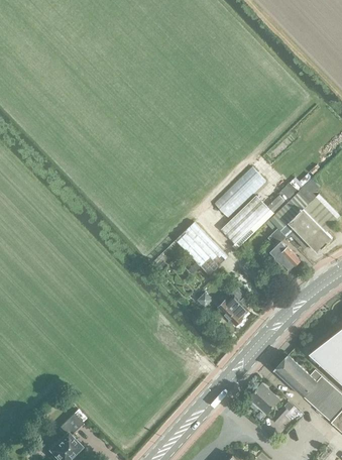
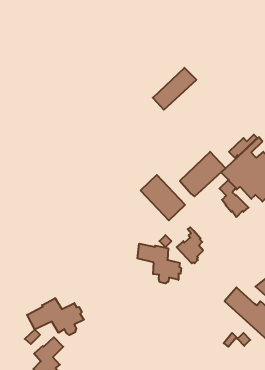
building: [215,167,266,217] -> [153,68,196,110]
building: none -> [137,244,181,283]
building: none -> [27,298,84,335]
building: [249,384,278,415] -> none

